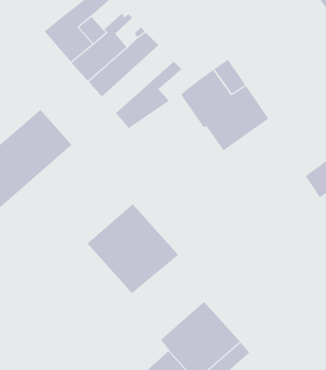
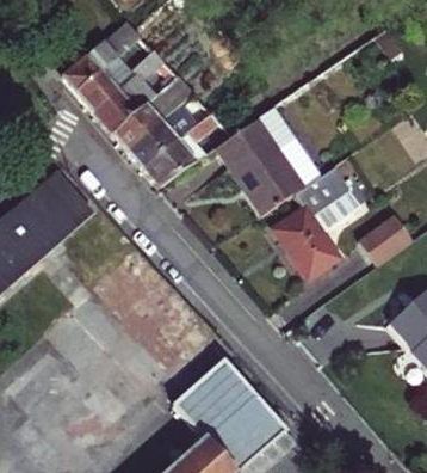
building: none -> [128,92,210,170]
building: none -> [272,167,361,280]
building: none -> [173,360,245,428]

